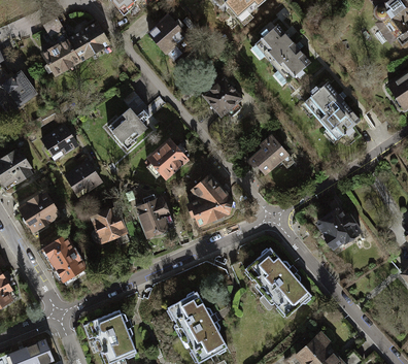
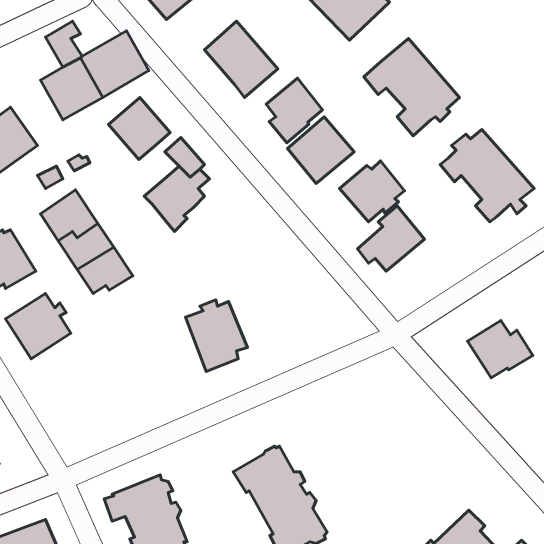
building: none -> [266,78,323,143]
building: none -> [109,98,170,160]
building: none -> [339,161,405,222]
building: [147,139,191,181] -> none
building: [190,174,235,227] -> none
building: [91,208,130,245] -> none
building: [41,234,87,280] -> none
building: [244,245,311,316] -> none

